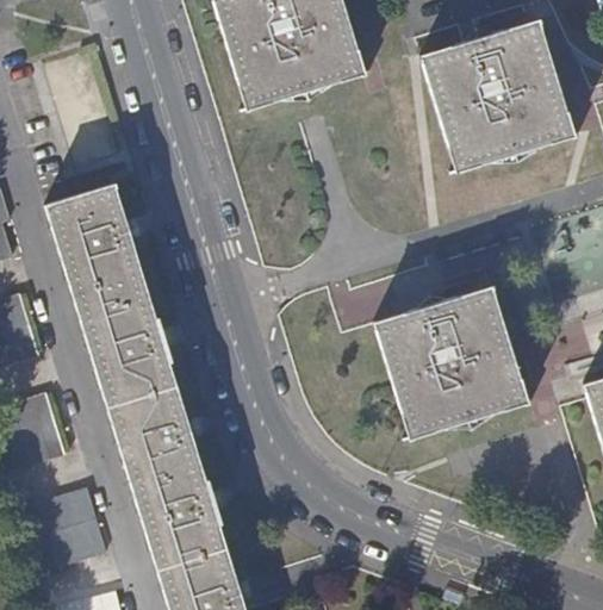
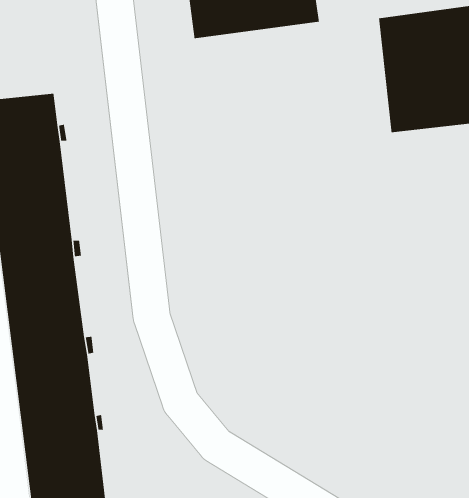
building: [371,286,523,437] -> none

